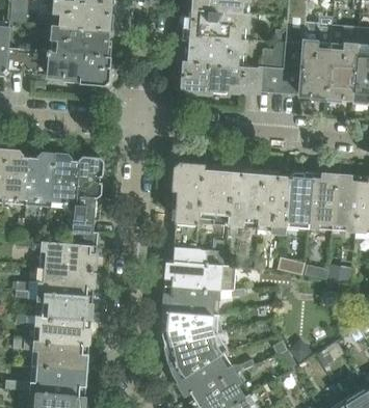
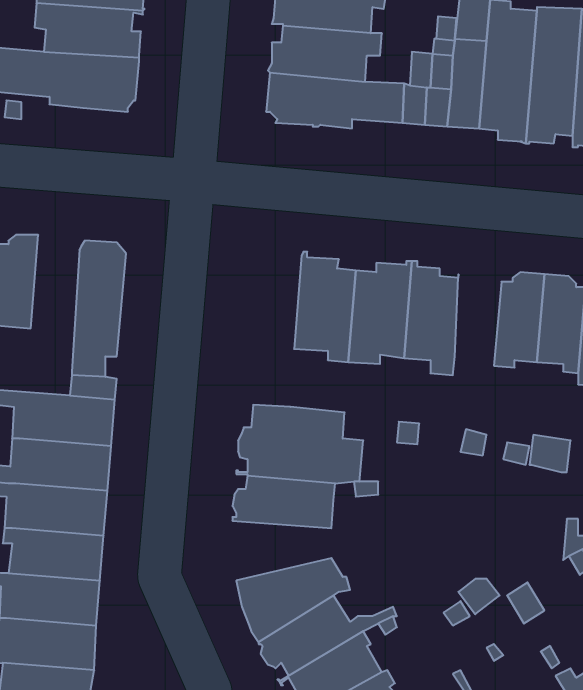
building: [50,154,77,229] -> none
building: [172,164,201,249] -> none
building: [286,172,312,226] -> none
building: [161,312,221,346] -> none

